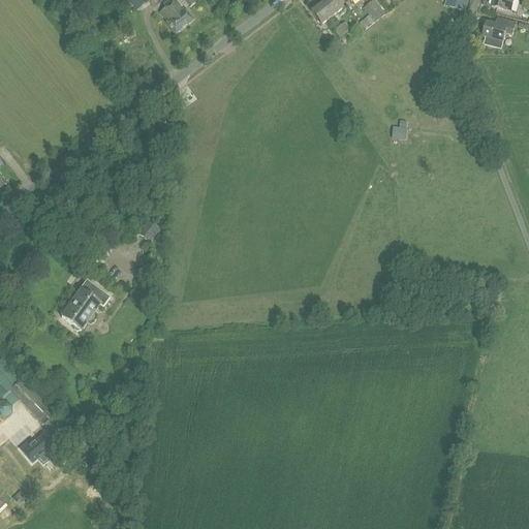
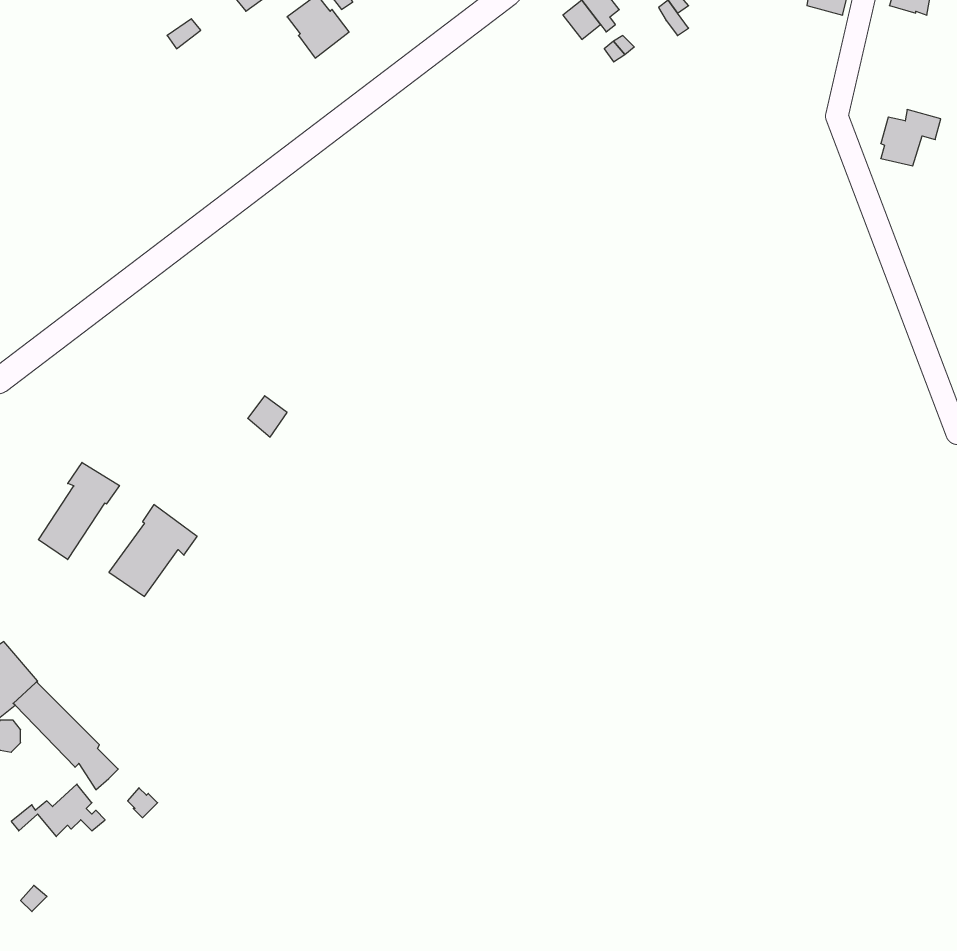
building: [483,15,516,46] -> [881,110,941,166]
building: none -> [38,462,119,560]

